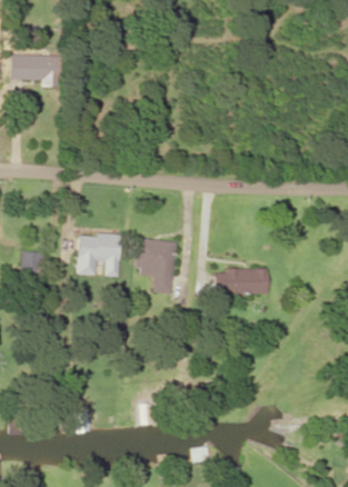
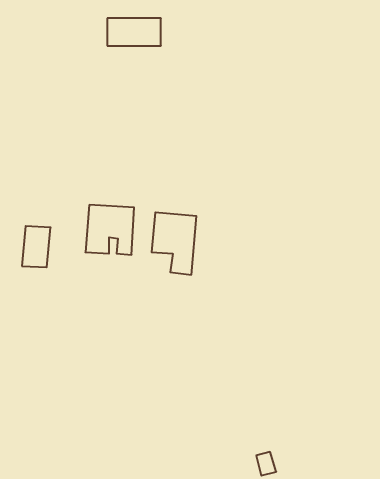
building: [10,56,58,80] -> [107,18,161,46]
building: [215,269,269,294] -> none

